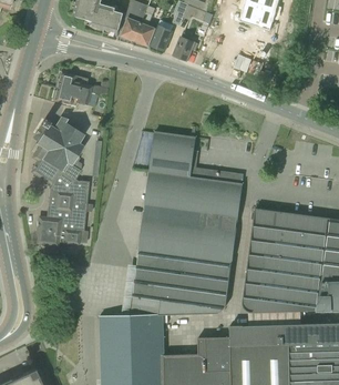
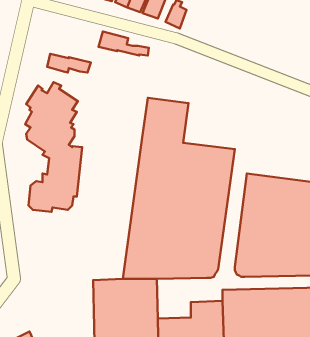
building: [56,72,107,97] -> [98,31,149,56]

